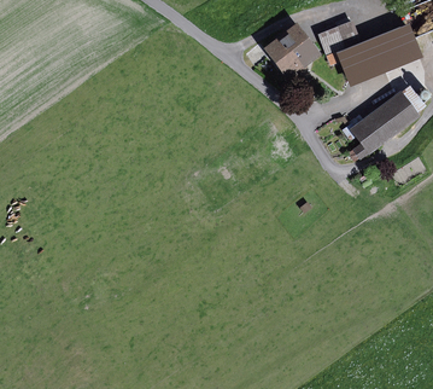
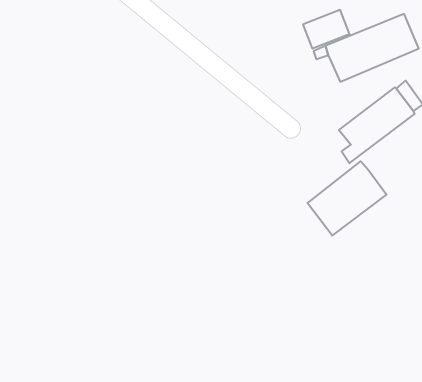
building: [263,23,320,79] -> none
building: none -> [308,161,386,236]

